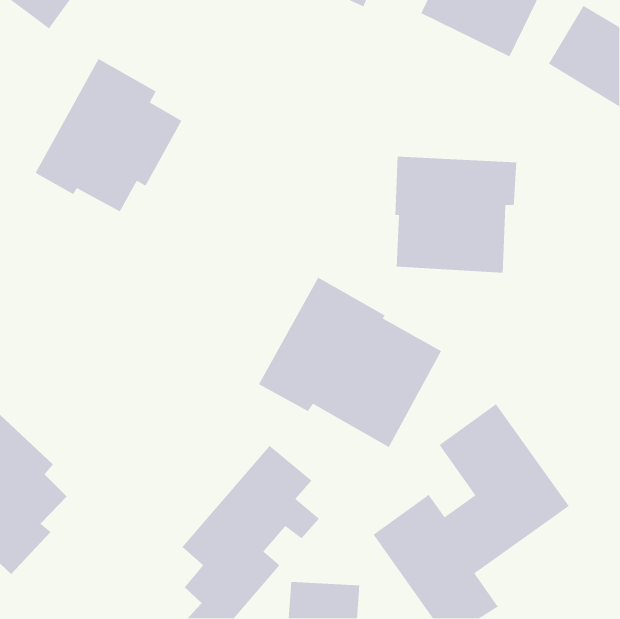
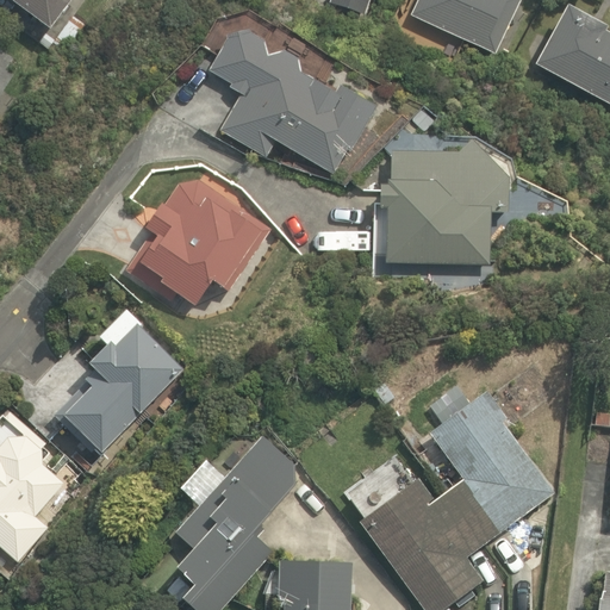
building: none -> [211,31,372,170]
building: [34,58,183,212] -> [122,162,266,312]
building: [258,277,442,448] -> none
building: none -> [64,311,181,449]

